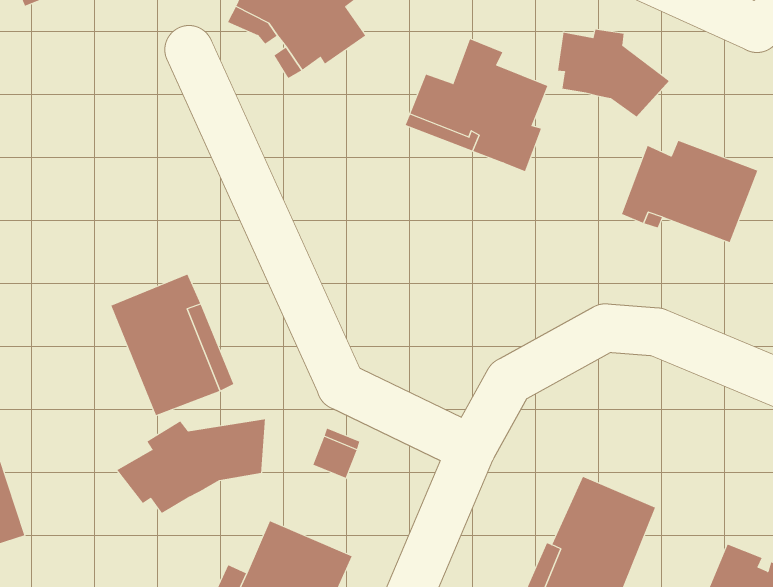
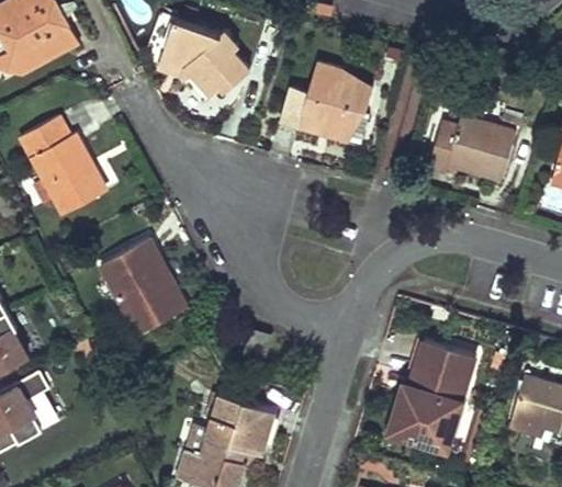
building: [558,29,670,118] -> none
building: none -> [21,117,104,216]
building: [117,418,265,514] -> none

